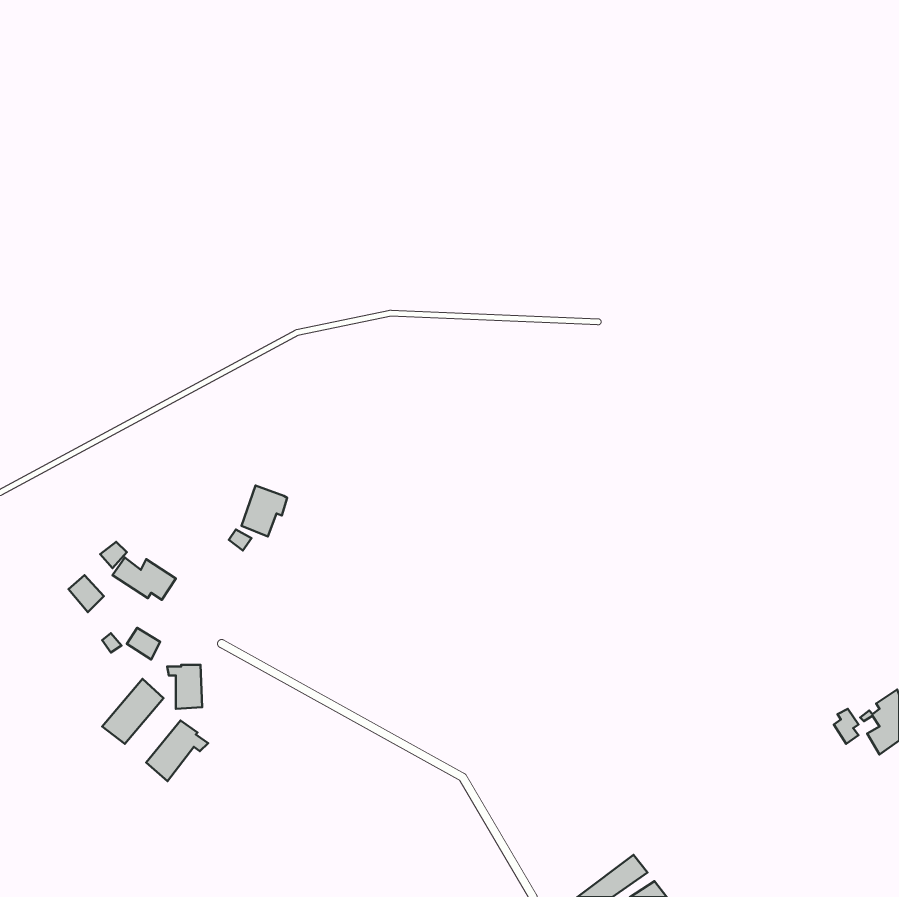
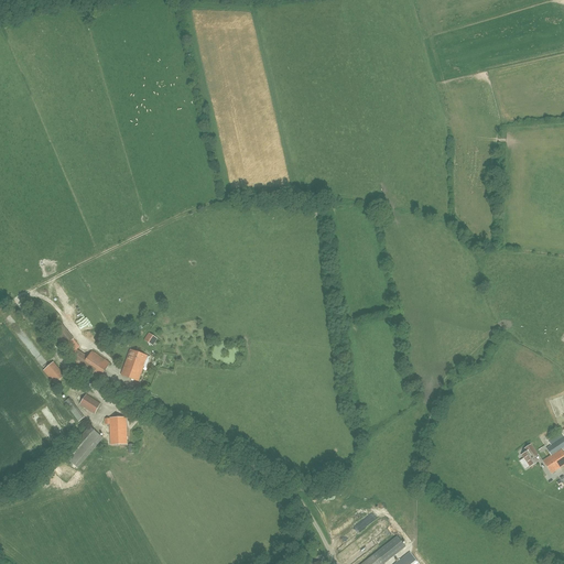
building: [241,485,287,536] -> [121,348,150,380]
building: [146,720,208,781] -> none

